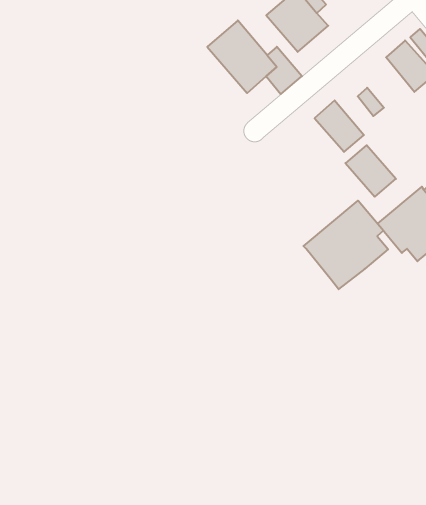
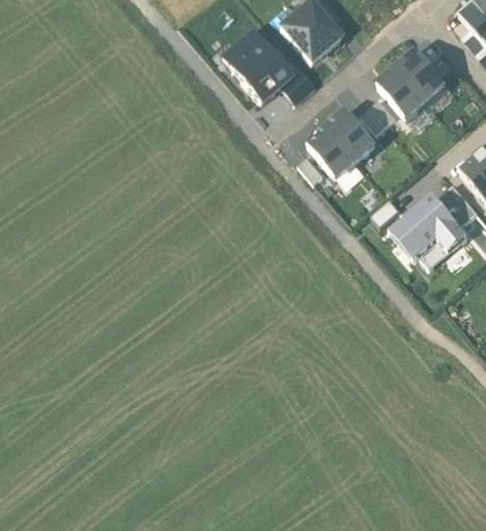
building: none -> [378,66,426,116]
building: [345,145,396,197] -> [307,127,356,177]
building: [303,201,388,289] -> none

